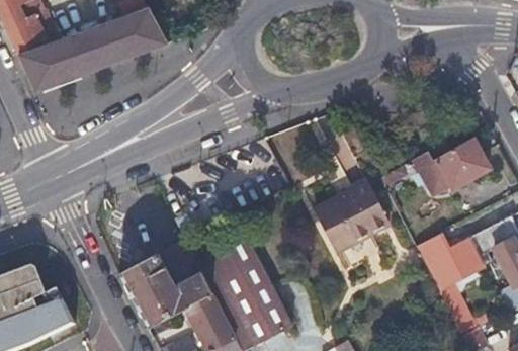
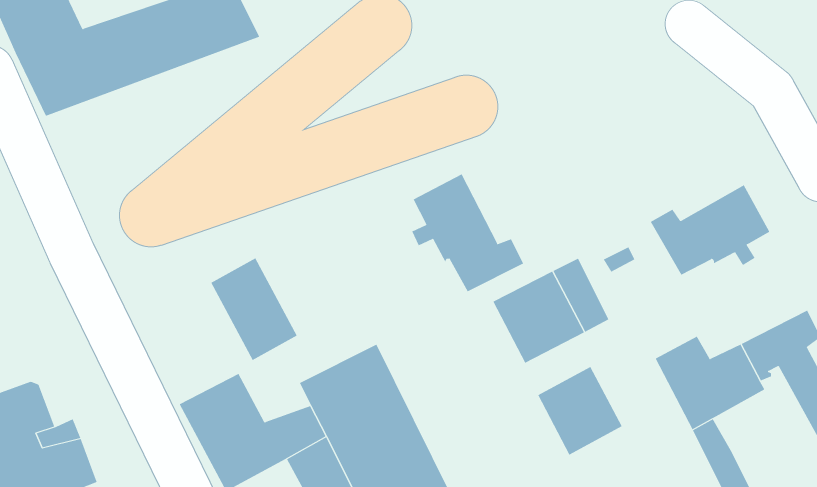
building: none -> [412,174,524,292]
building: none -> [211,257,297,361]
building: none -> [537,366,622,455]

